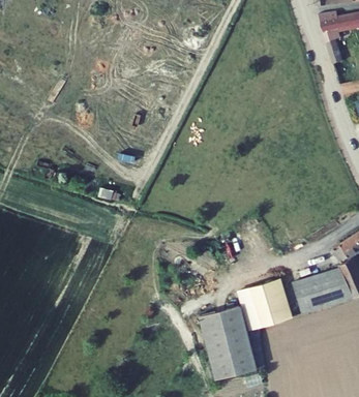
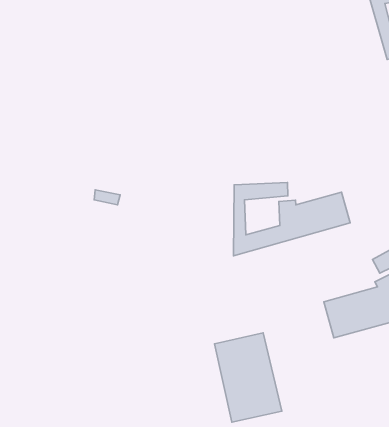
building: none -> [233,183,350,256]
building: [237,274,285,325] -> none

